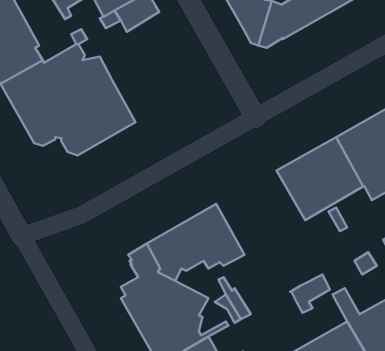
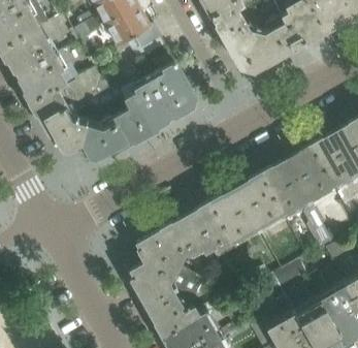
building: none -> [124,62,194,134]
building: none -> [210,175,285,245]

